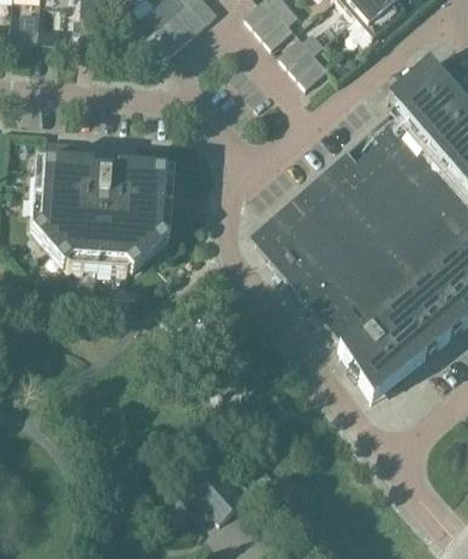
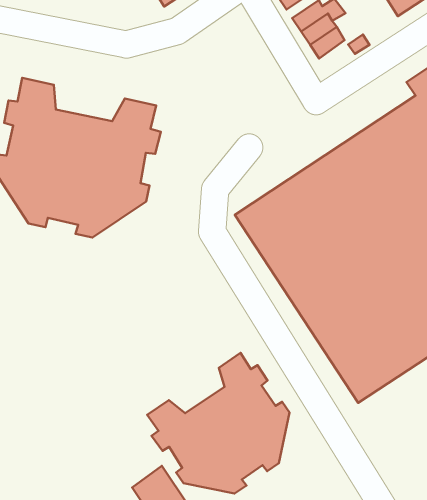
building: none -> [147,353,289,493]

